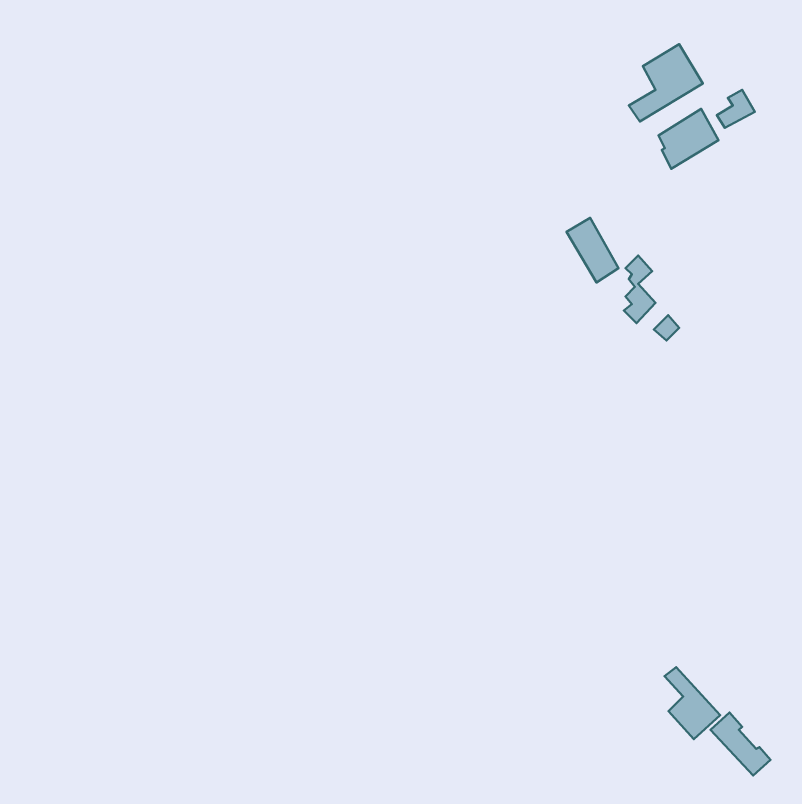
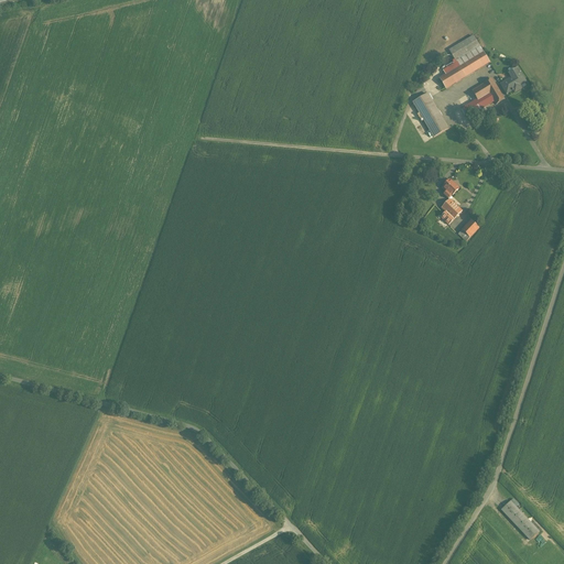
building: [567,218,619,282] -> [413,90,449,135]
building: [664,667,720,739] -> none

